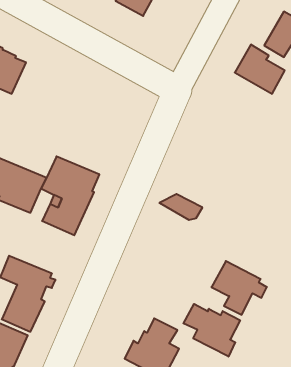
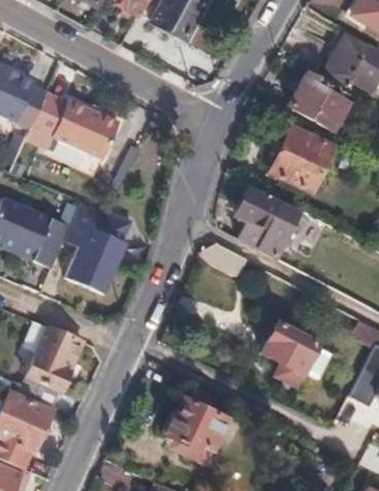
building: none -> [25,93,119,162]
building: none -> [271,128,332,188]
building: none -> [237,185,297,256]
building: [183,304,240,357] -> none

